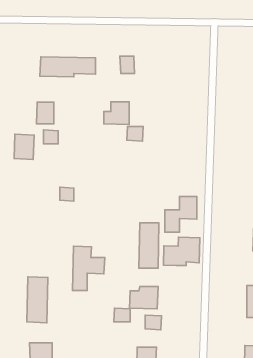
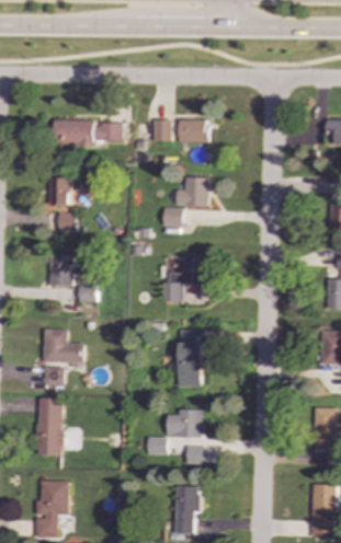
building: none -> [179,119,209,142]
building: [104,102,129,125] -> [177,177,208,206]
building: [14,134,34,159] -> [48,254,73,286]
building: [165,197,197,232] -> [164,256,205,301]
building: [163,237,200,266] -> none
building: [73,246,105,290] -> [43,328,83,384]

